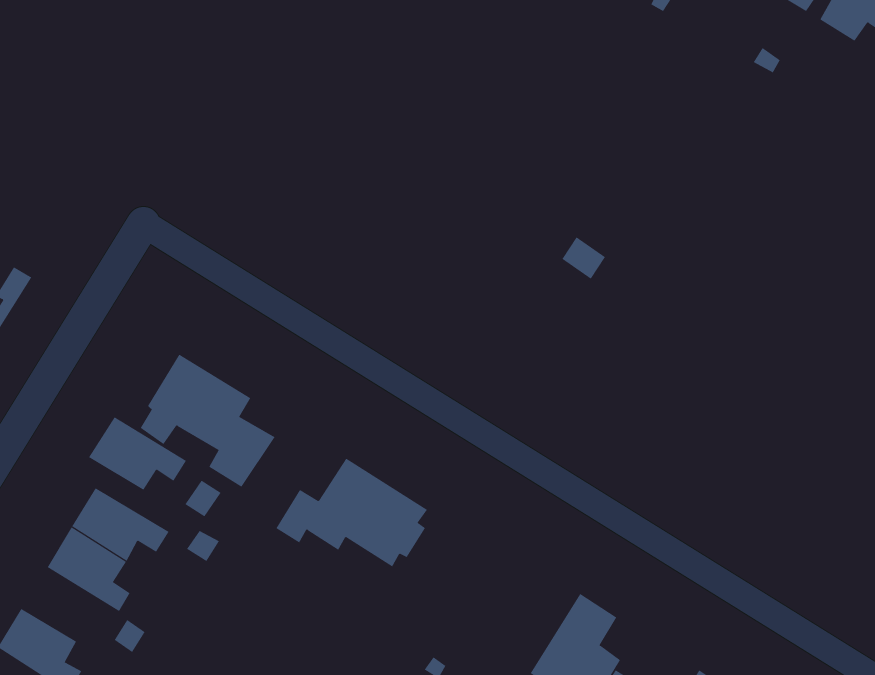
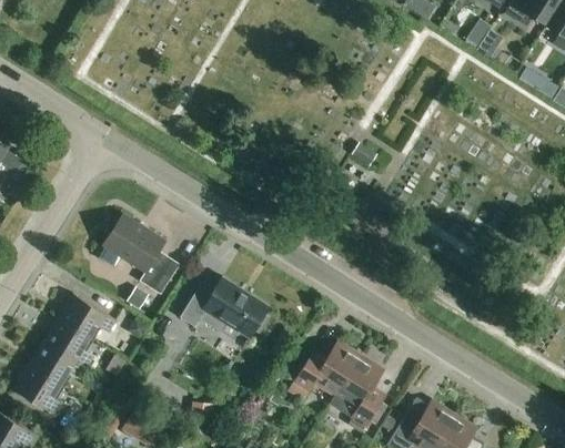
building: [88,416,187,491] -> [28,340,87,385]
building: none -> [295,343,362,395]

